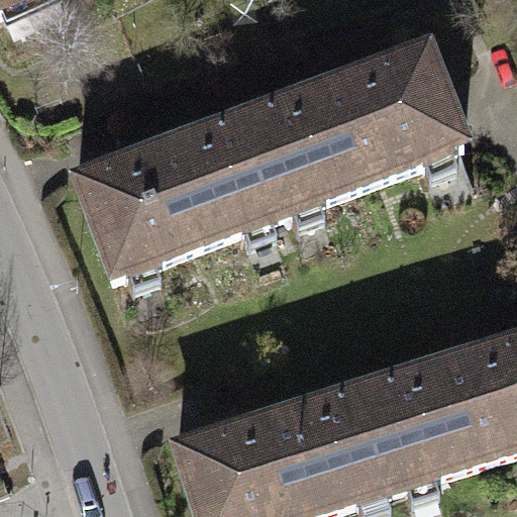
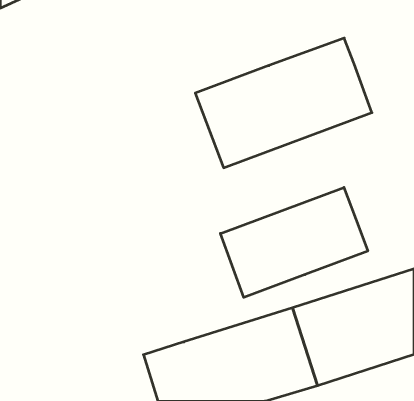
building: [76,116,279,271] -> none
building: none -> [220,187,368,297]

